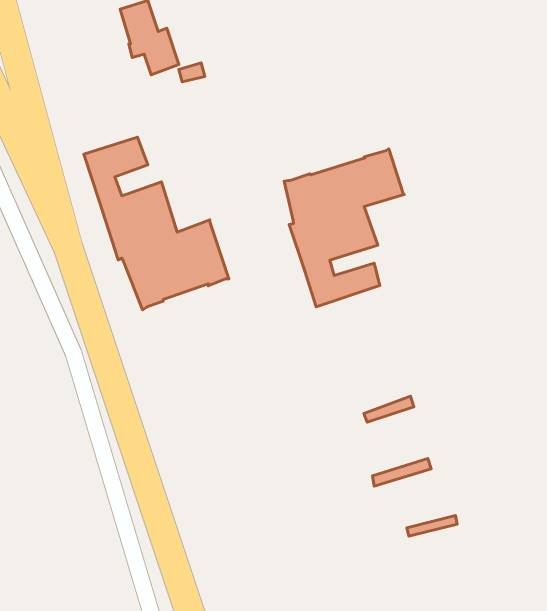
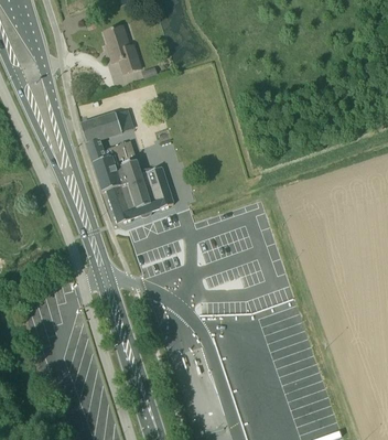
building: [284,149,404,307] -> none

